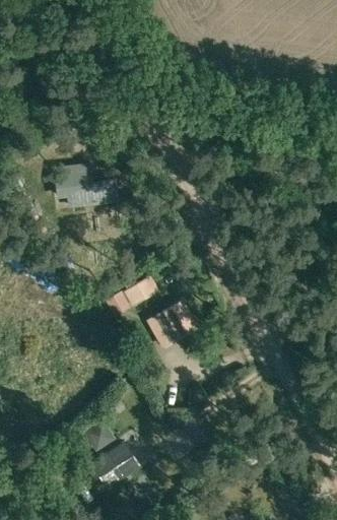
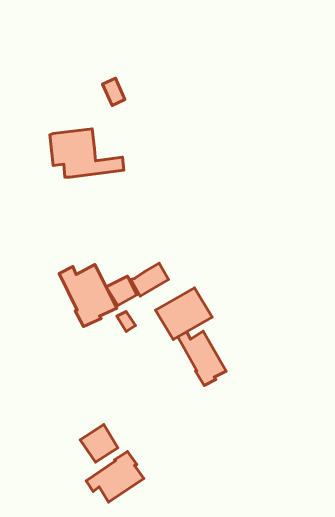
building: none -> [59,264,117,326]
building: none -> [178,331,226,385]

